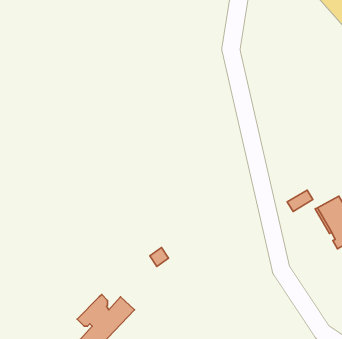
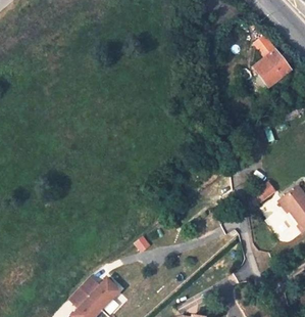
building: none -> [254,34,291,84]

